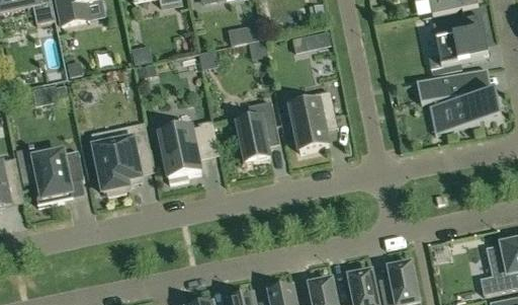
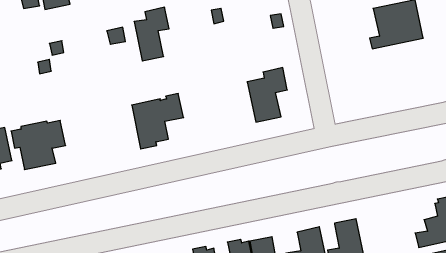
building: [417,67,502,133] -> none
building: [236,100,275,161] -> [134,7,169,61]
building: [93,123,150,194] -> none

